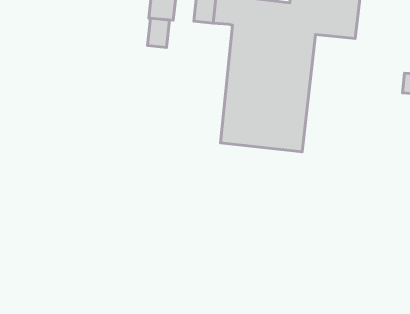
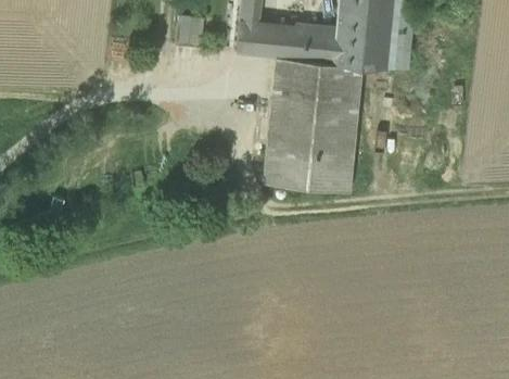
building: [148,18,169,48] -> none

